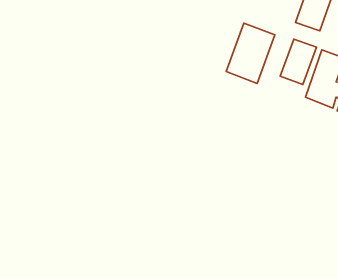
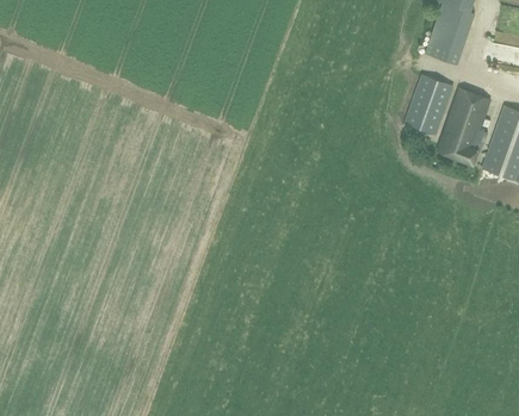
building: [226,23,275,83] -> none

